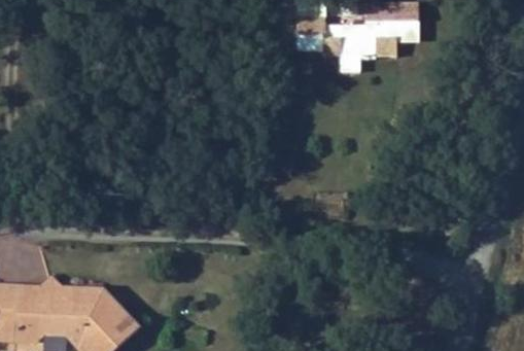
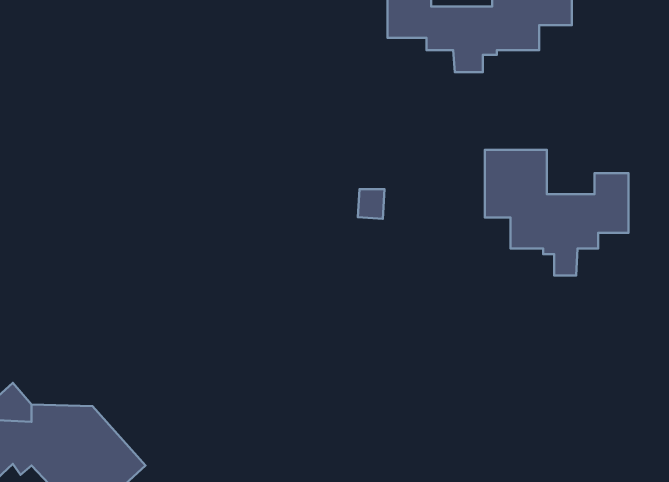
building: none -> [485,150,628,275]

